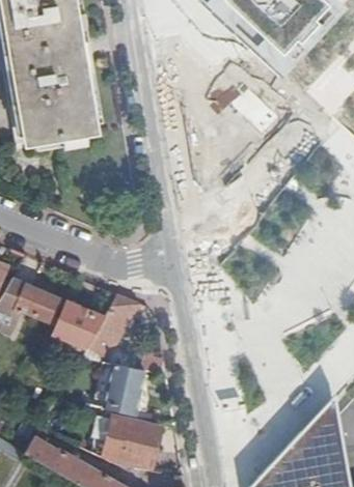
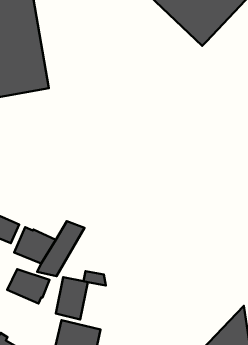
building: none -> [7,269,49,303]

